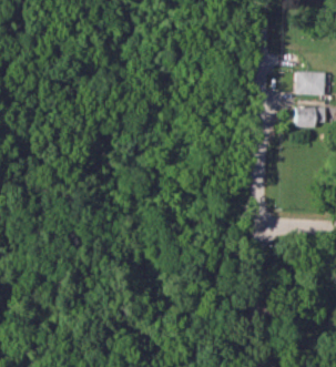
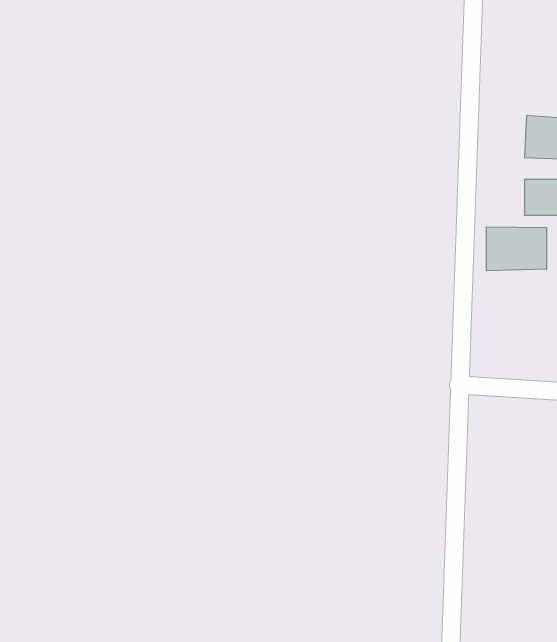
building: none -> [486,227,546,271]

